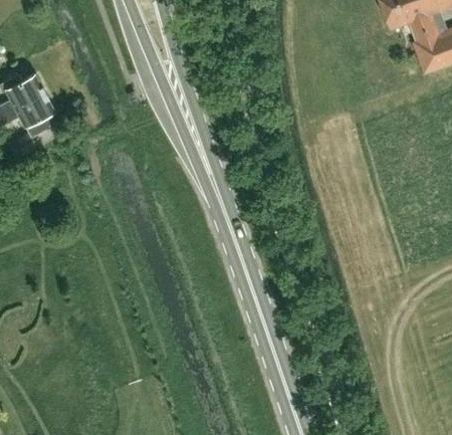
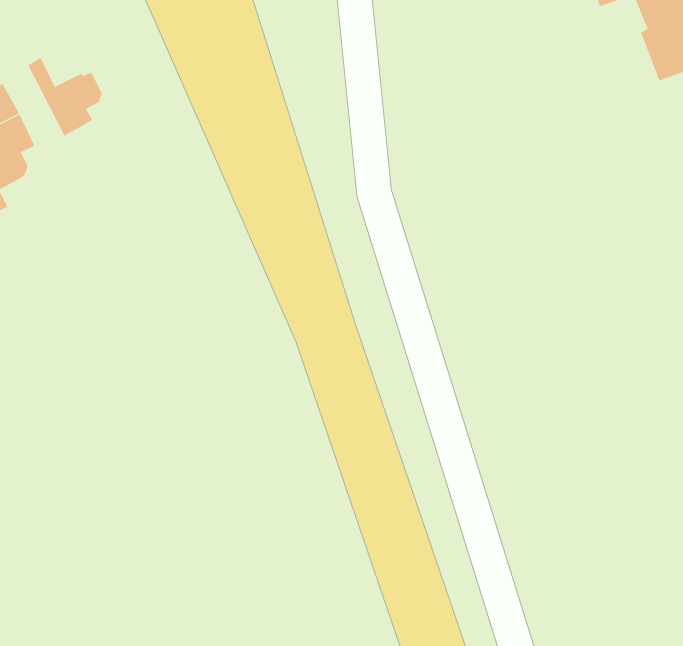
building: none -> [28,57,102,136]

